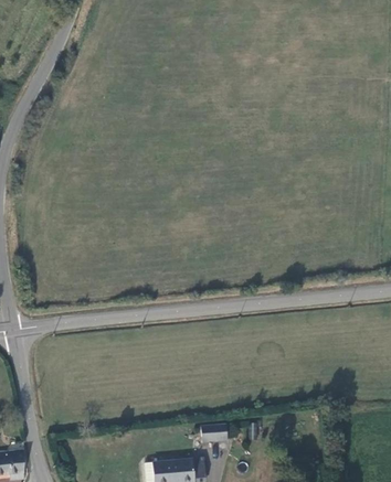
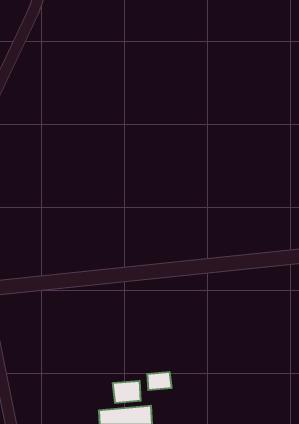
building: none -> [113,381,140,403]

